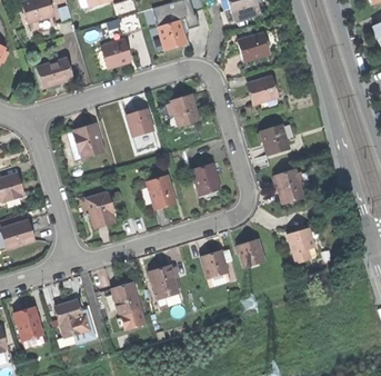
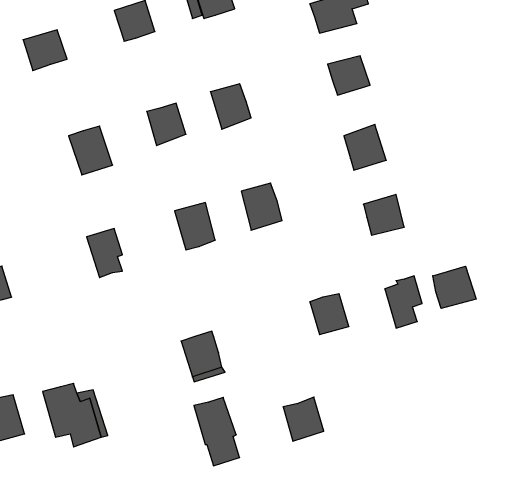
building: none -> [433,266,476,308]
building: [201,248,229,278] -> [283,397,324,441]
building: [112,283,143,329] -> [194,397,240,466]

